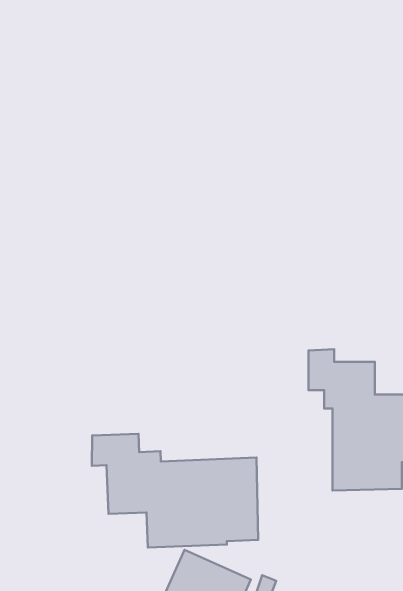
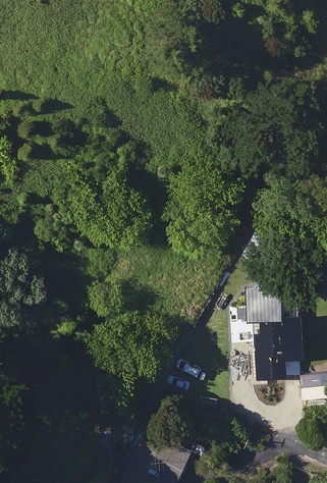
building: [92,434,258,548] -> none

